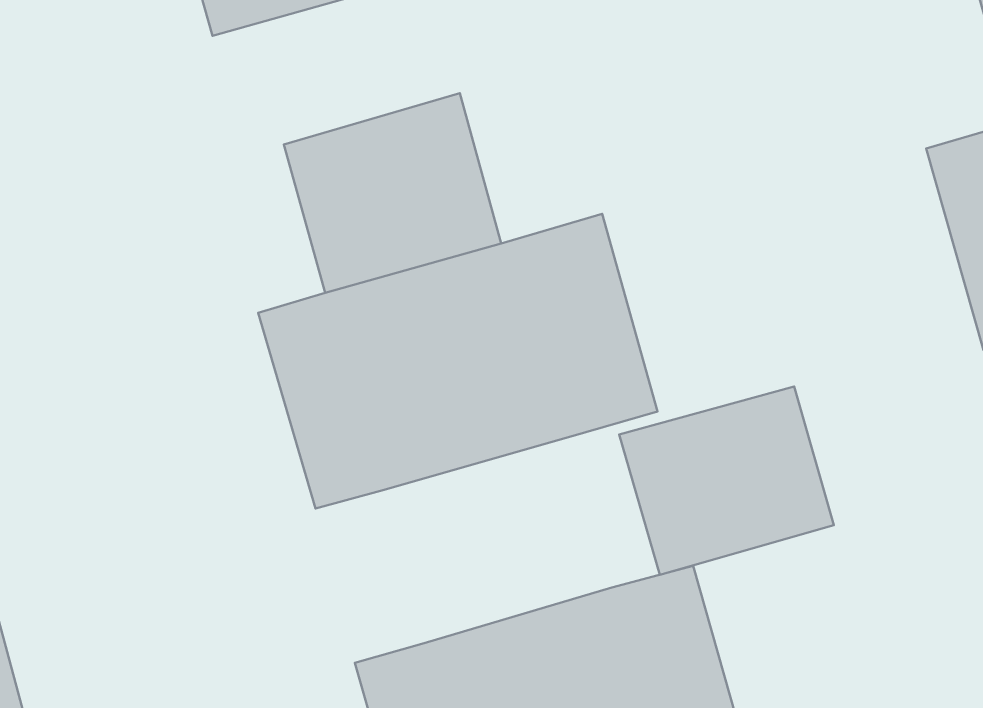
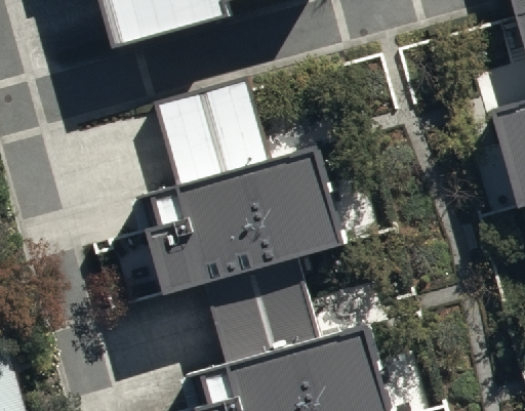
building: [619,386,834,575] -> none
building: none -> [204,254,324,361]

